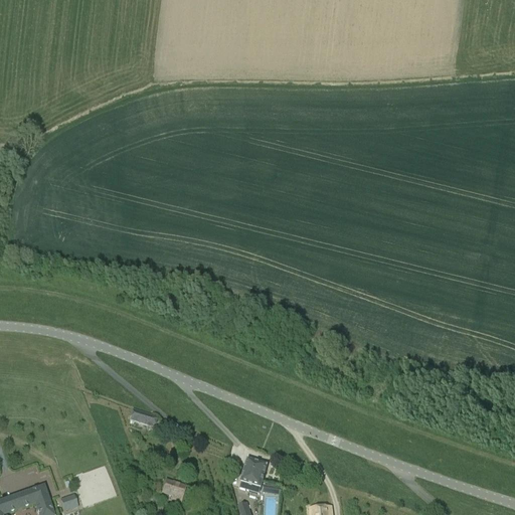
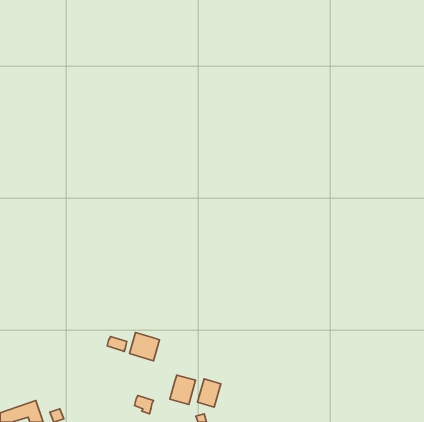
building: none -> [129,333,160,361]
building: none -> [170,375,196,404]

